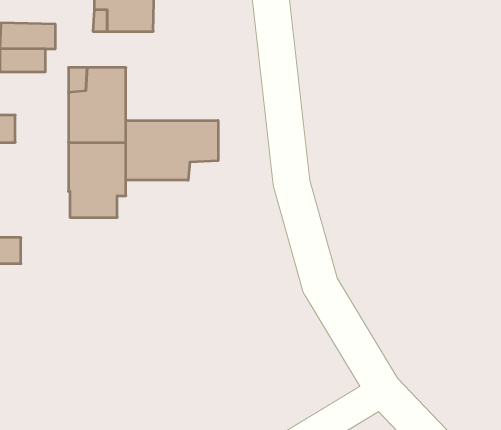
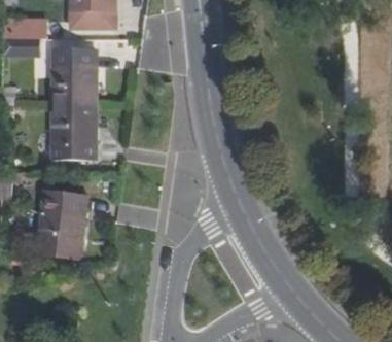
building: [126,120,218,180] -> none
building: none -> [38,189,86,256]

